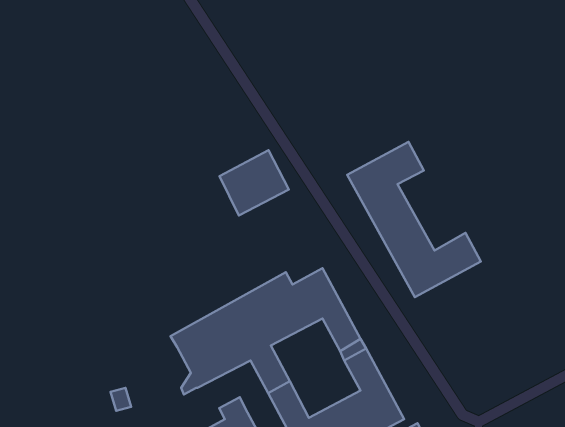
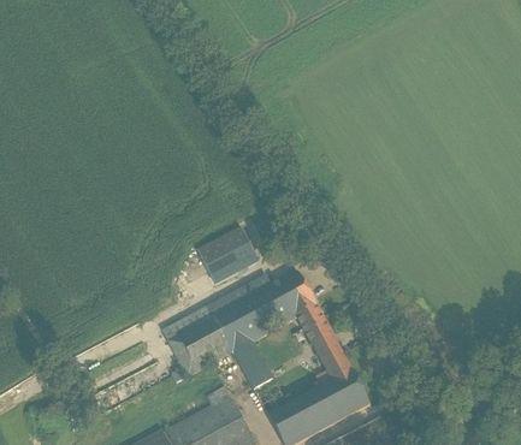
building: [347,142,481,297] -> none
building: [220,150,289,215] -> [197,225,259,283]

